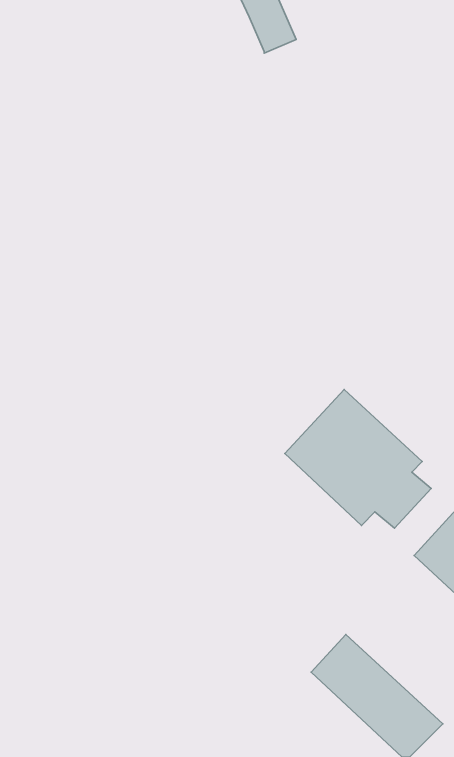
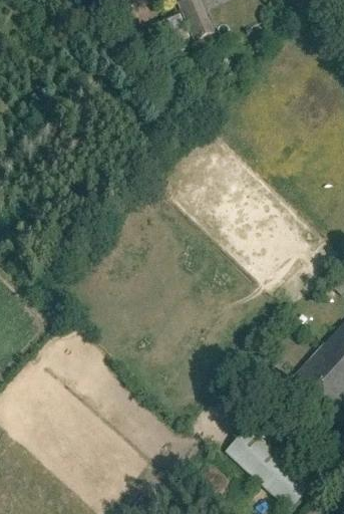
building: [285,390,431,528] -> none

